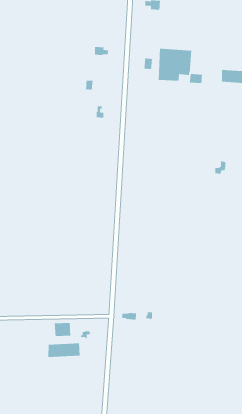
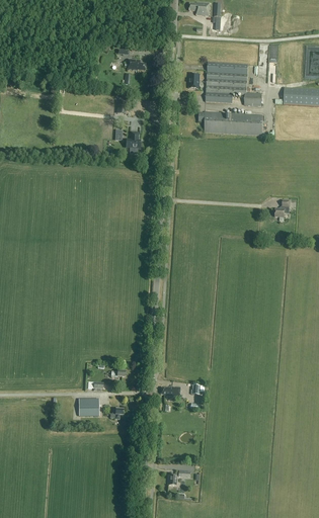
building: none -> [204,111,262,135]
building: [48,342,81,358] -> none

